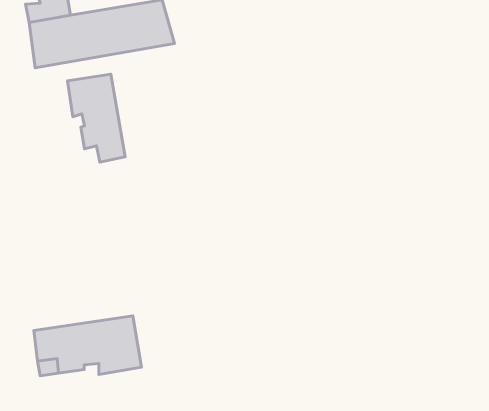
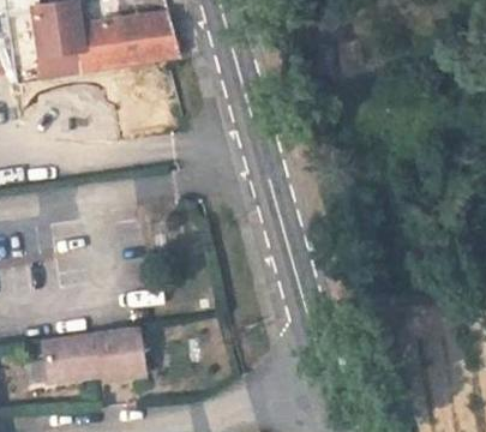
building: [67,74,125,162] -> none

